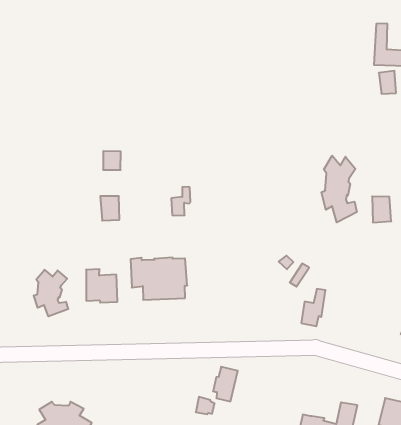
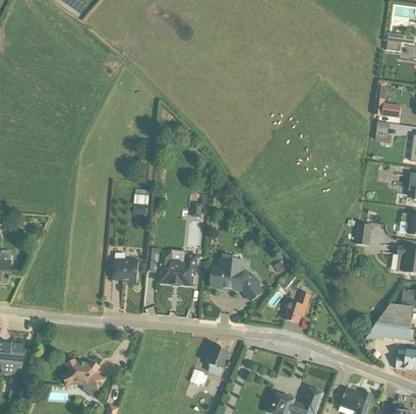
building: [322,156,357,222] -> none
building: none -> [209,252,263,301]
building: [34,270,68,316] -> none

